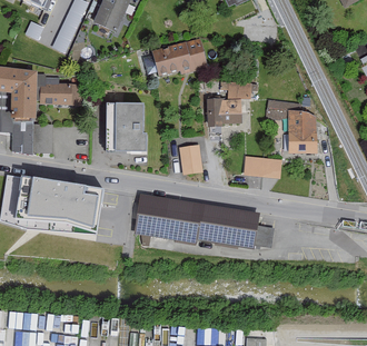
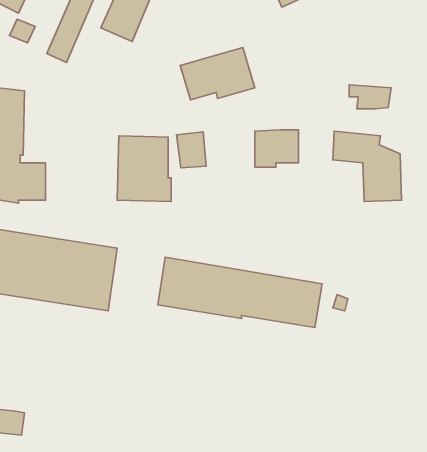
building: [40,76,82,107] -> none
building: [221,81,252,99] -> [349,85,391,109]
building: [179,147,201,174] -> [176,132,206,168]
building: [246,151,285,174] -> none

